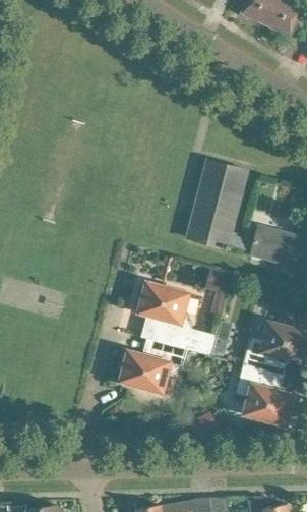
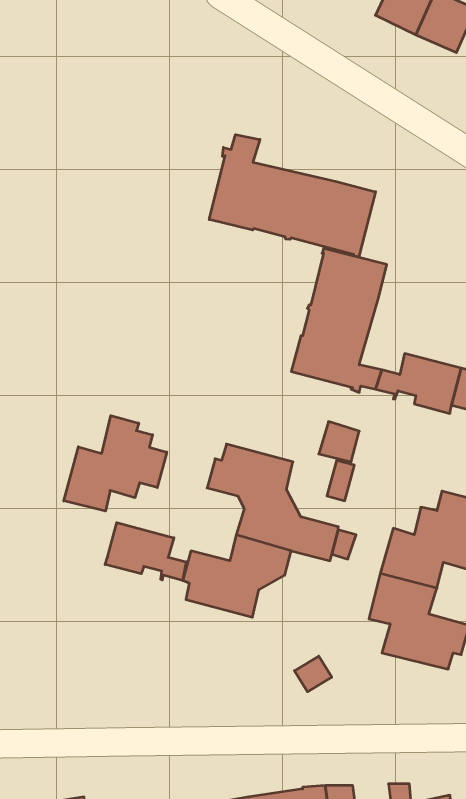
building: none -> [209,135,376,257]
building: none -> [64,416,167,511]
building: none -> [105,523,186,581]

